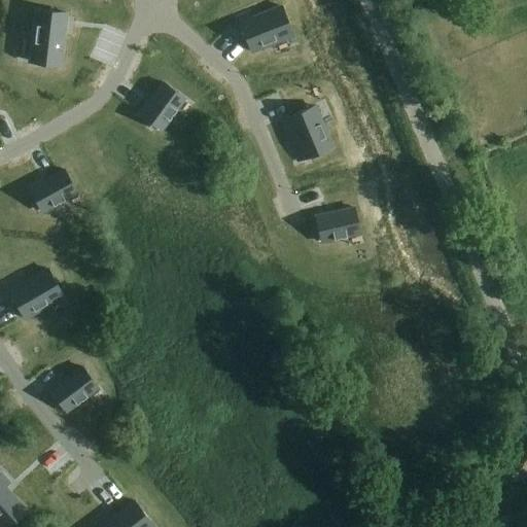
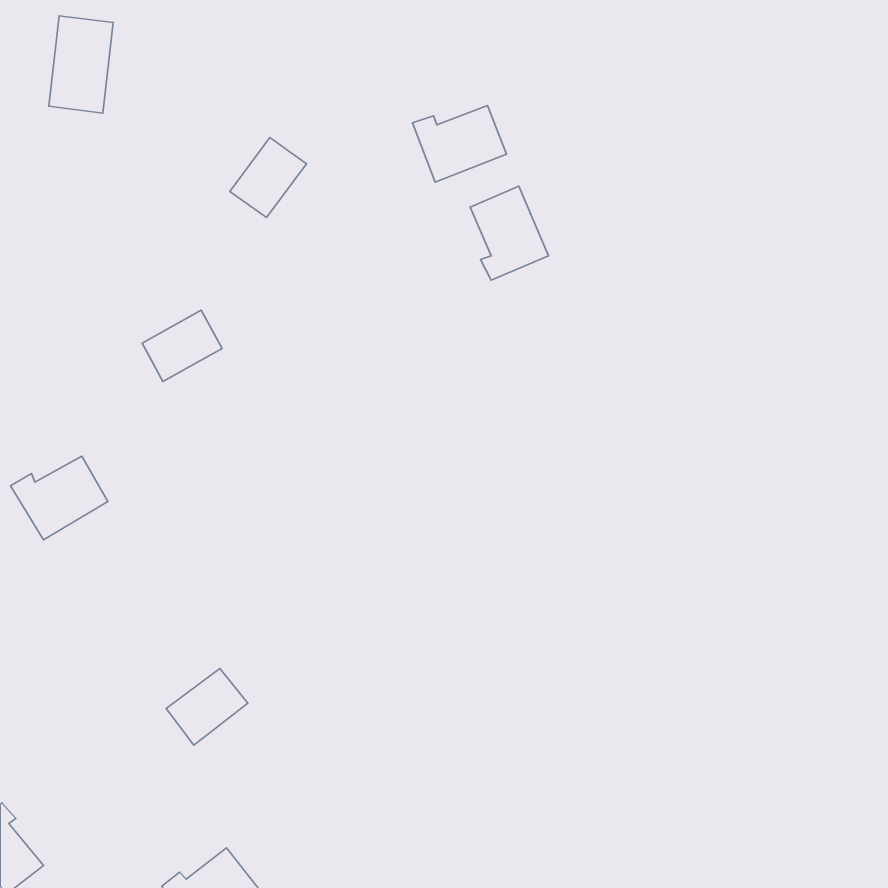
building: [239,8,294,54] -> [413,106,507,182]
building: [29,168,76,210] -> [142,310,222,381]
building: [314,210,358,245] -> none
building: [51,368,100,414] -> [166,668,248,745]

